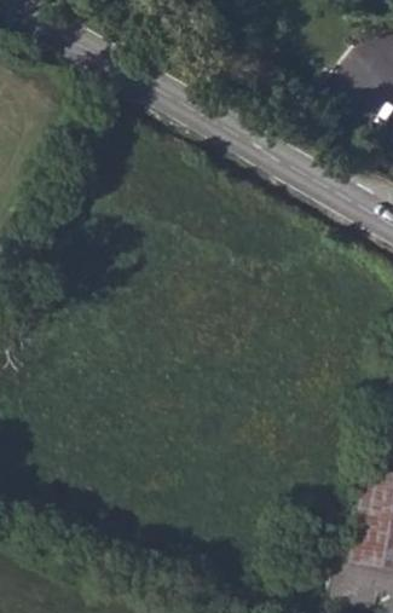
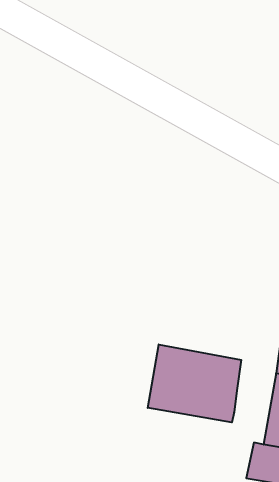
building: none -> [148,344,241,422]

